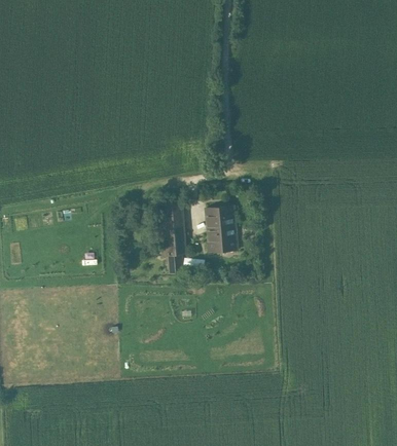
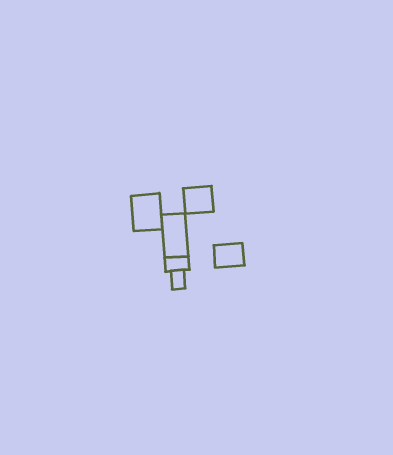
building: none -> [131,193,162,231]
building: [205,207,233,232] -> [183,186,214,214]

